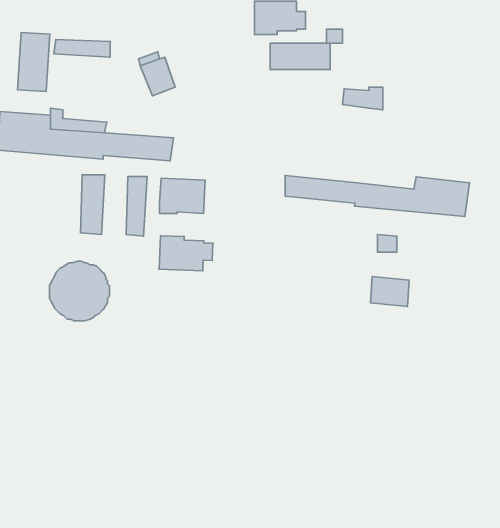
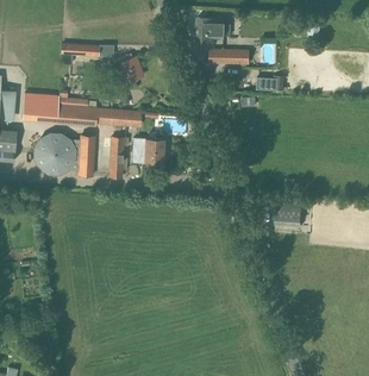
building: [18,32,50,92] -> none
building: [285,176,470,217] -> none
building: [159,236,213,271] -> none
building: [50,261,109,321] -> [35,133,75,174]

